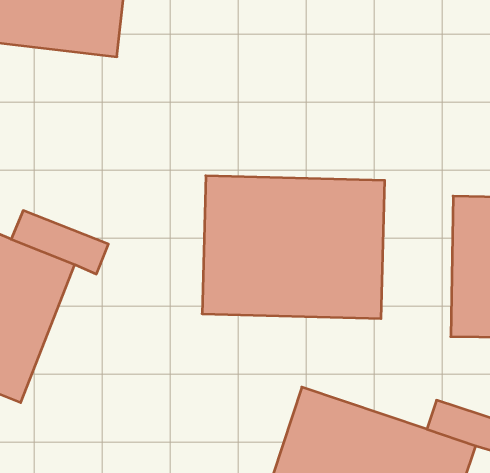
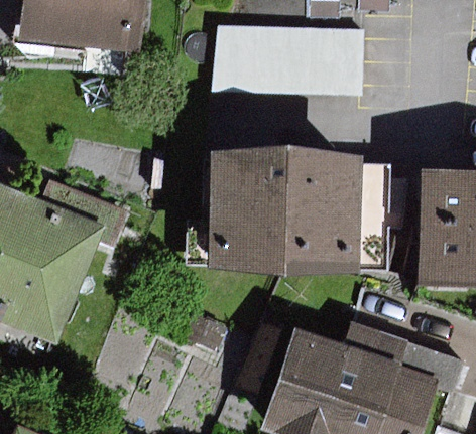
building: none -> [212,25,360,95]

